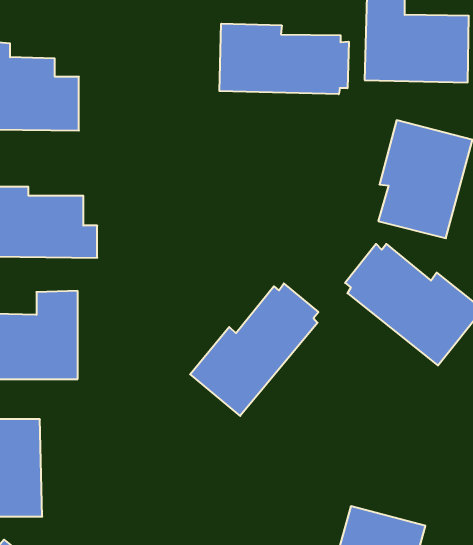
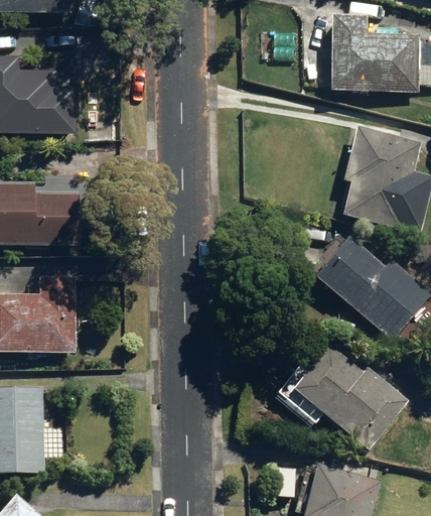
building: [219,24,349,94] -> none
building: [190,283,318,416] -> none
building: none -> [276,343,408,448]

